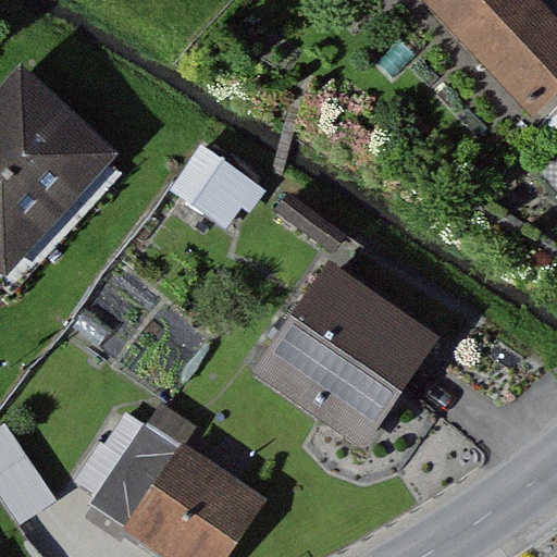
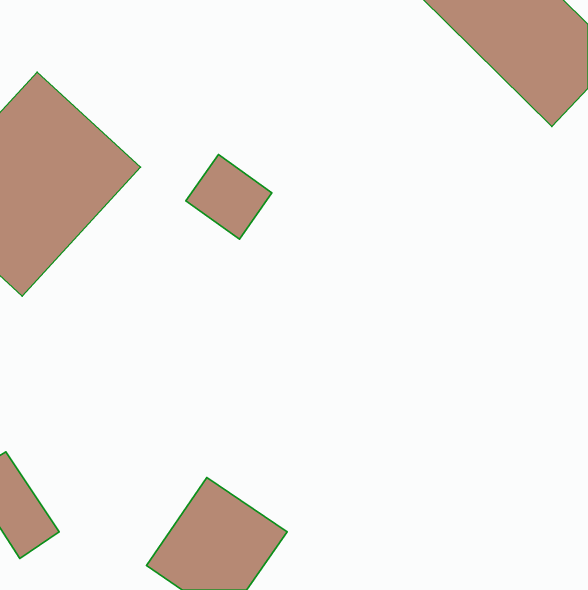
building: [237,263,412,437] -> none
building: [94,418,194,530] -> none

